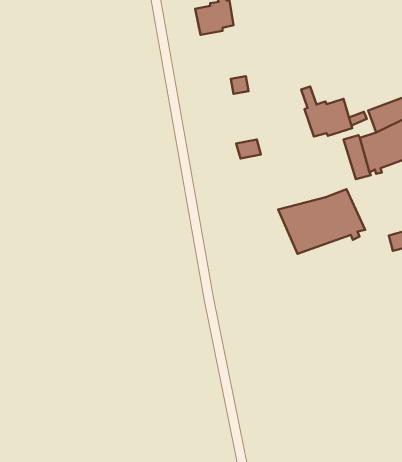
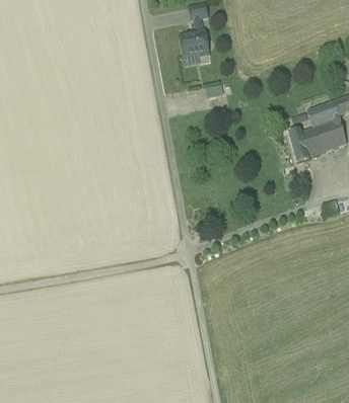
building: [301,86,352,136] -> none
building: [278,189,365,254] -> none

